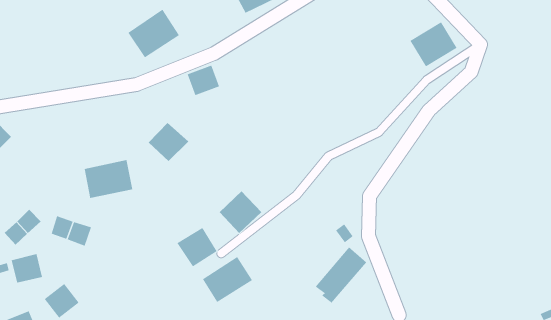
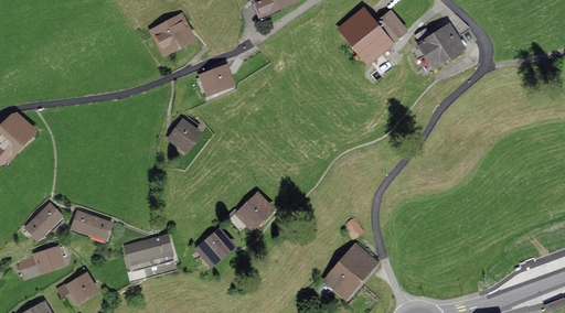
building: none -> [343,12,407,62]
building: [84,160,133,198] -> [127,231,174,269]
building: [202,256,253,303] -> none

